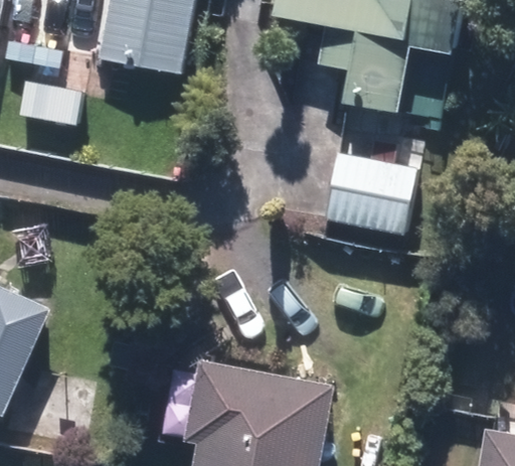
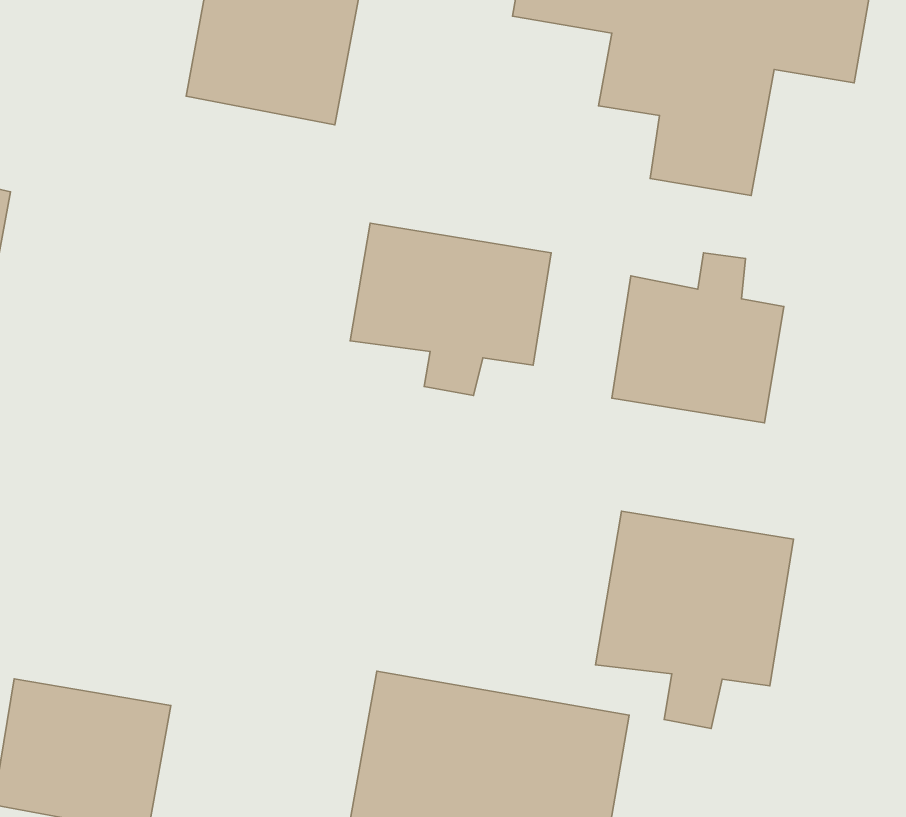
building: none -> [350,223,551,395]
building: none -> [596,511,794,729]

